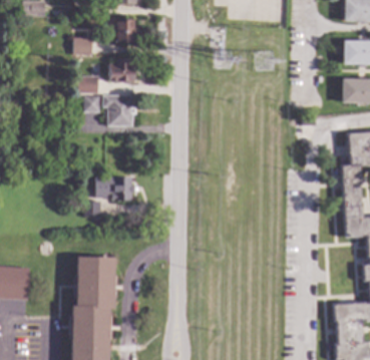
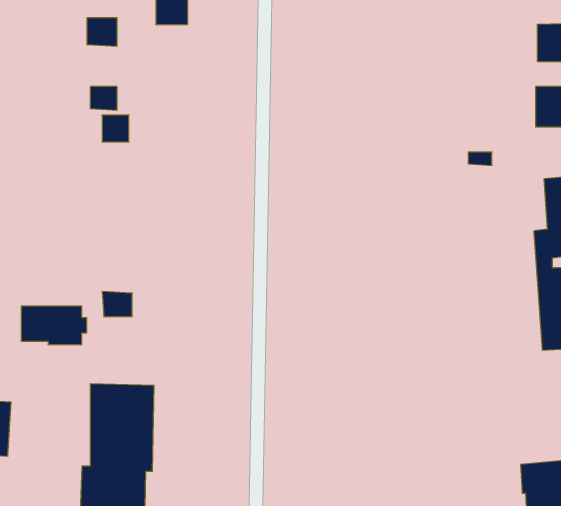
building: [110,57,134,81] -> none
building: [103,94,136,125] -> none
building: [96,176,135,200] -> [21,306,87,345]

